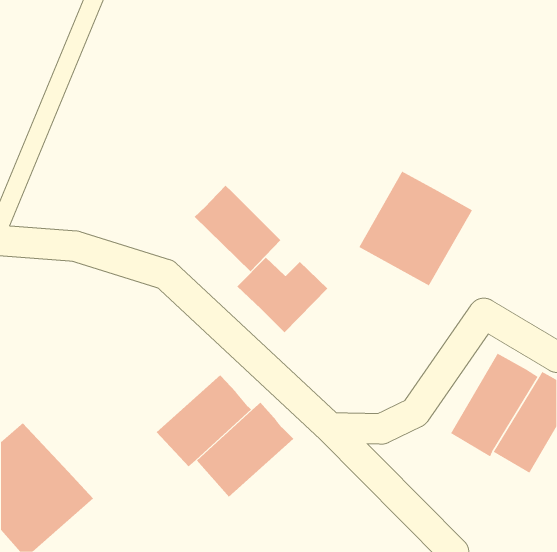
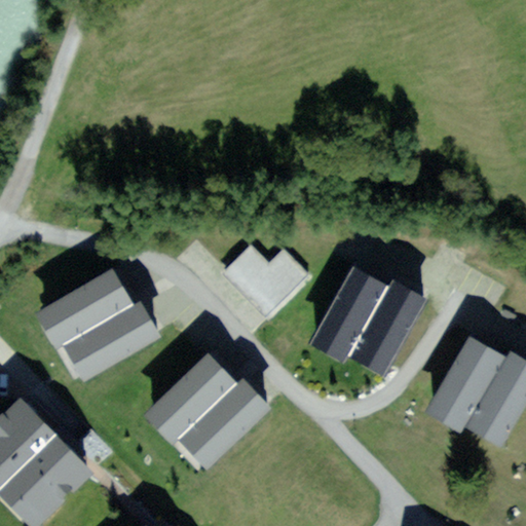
building: [358,171,473,286] -> [313,267,421,376]
building: [194,185,281,272] -> none
building: none -> [41,266,161,383]

